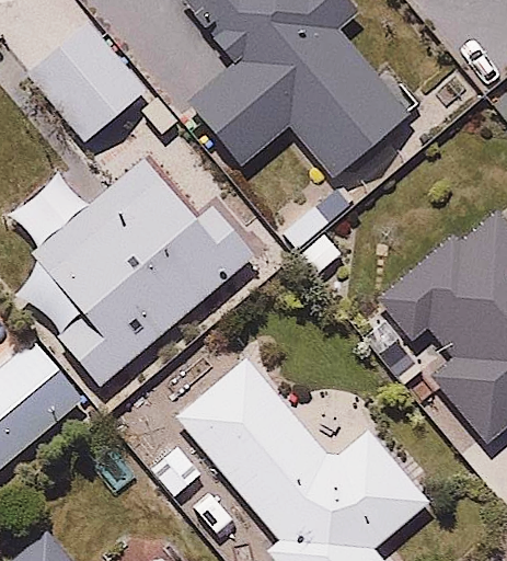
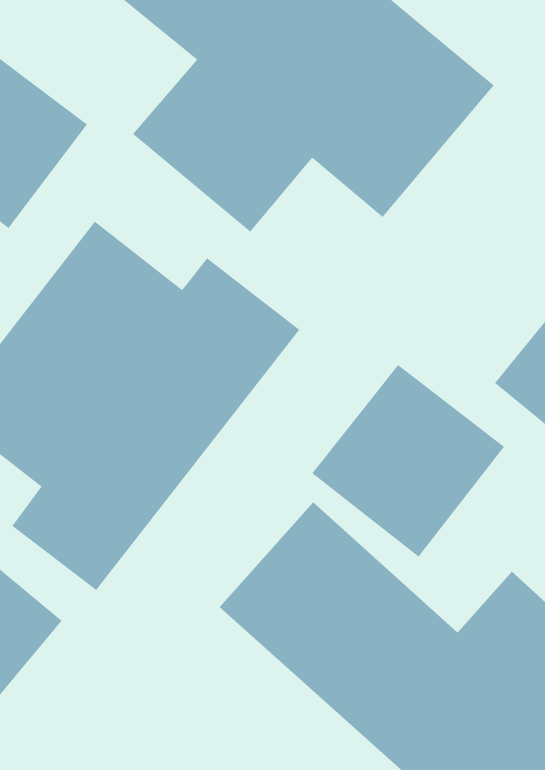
building: none -> [312,364,505,557]

